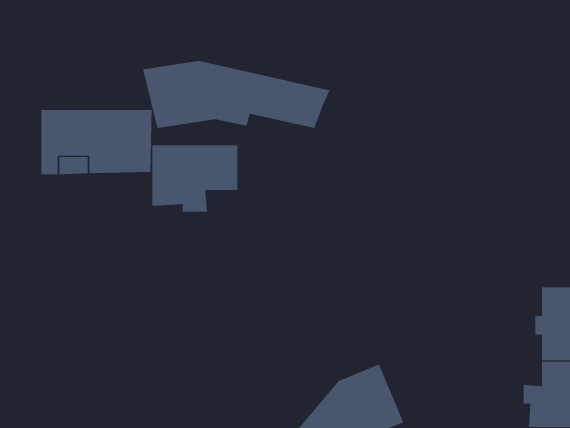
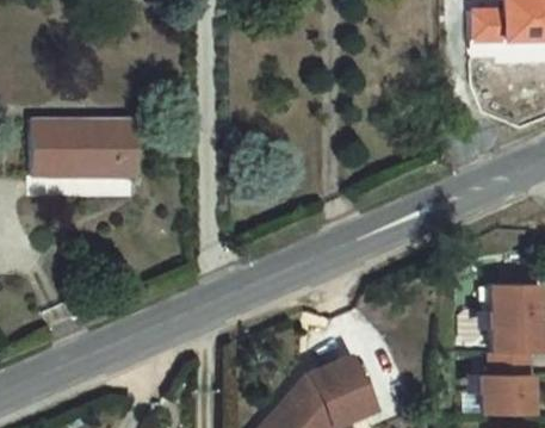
building: [143,60,330,129] -> none
building: [152,145,238,213] -> none

